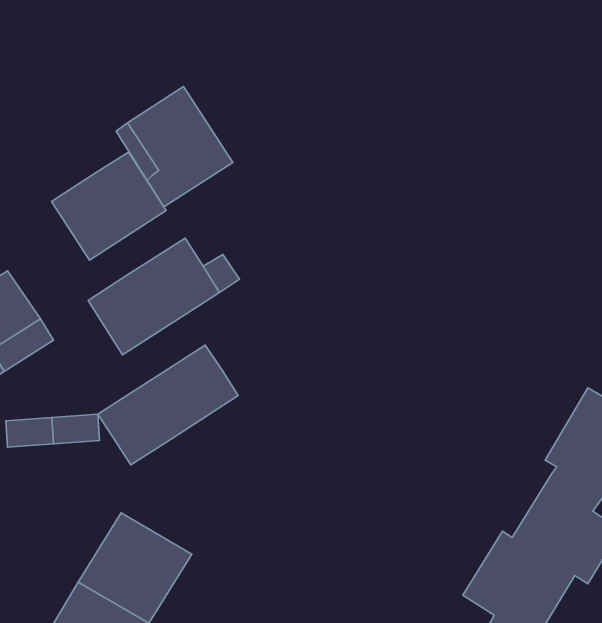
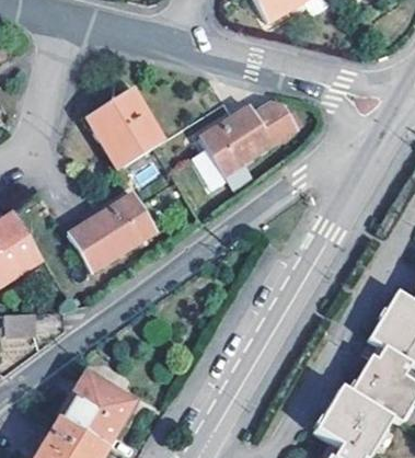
building: none -> [197,104,293,191]
building: [52,152,166,260] -> none
building: [98,345,238,465] -> none

